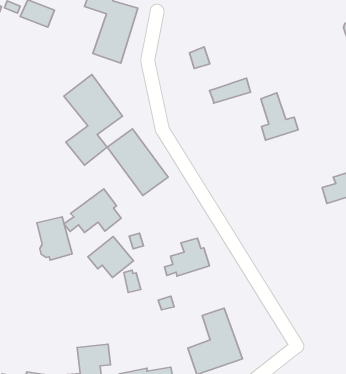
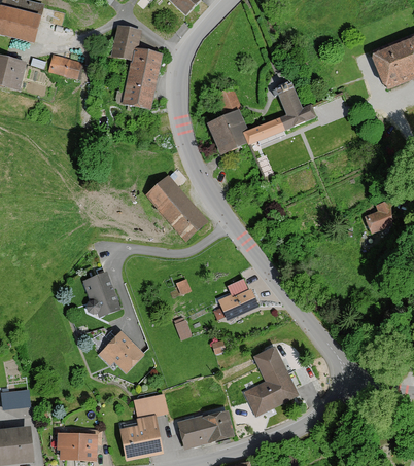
building: none -> [206,106,247,152]
building: [64,75,123,165] -> none
building: [261,93,298,140] -> [275,79,315,128]
building: [64,189,121,233] -> none
building: [88,236,133,277] -> [97,329,143,370]

